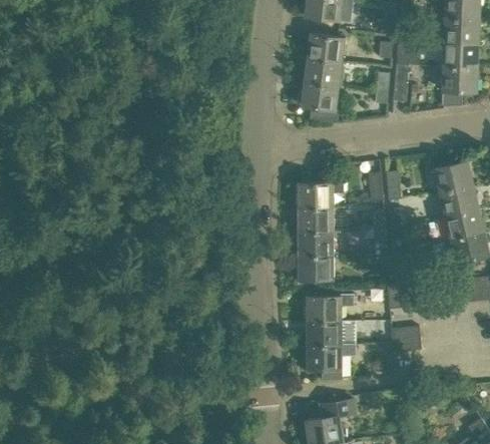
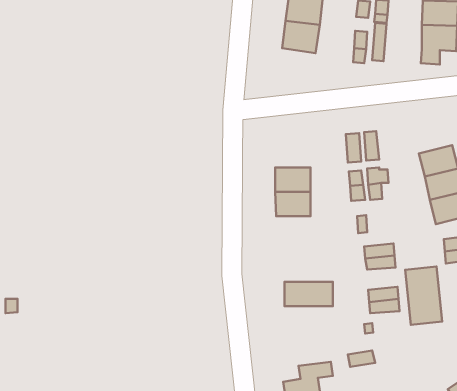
building: [299,89,340,122] -> none
building: [435,161,473,193] -> none
building: [298,183,343,207] -> none
building: [299,256,334,280] -> none
building: [307,295,353,321] -> none
building: none -> [405,266,442,325]
building: [307,345,355,379] -> none

